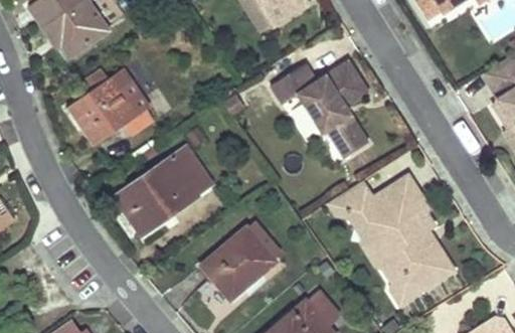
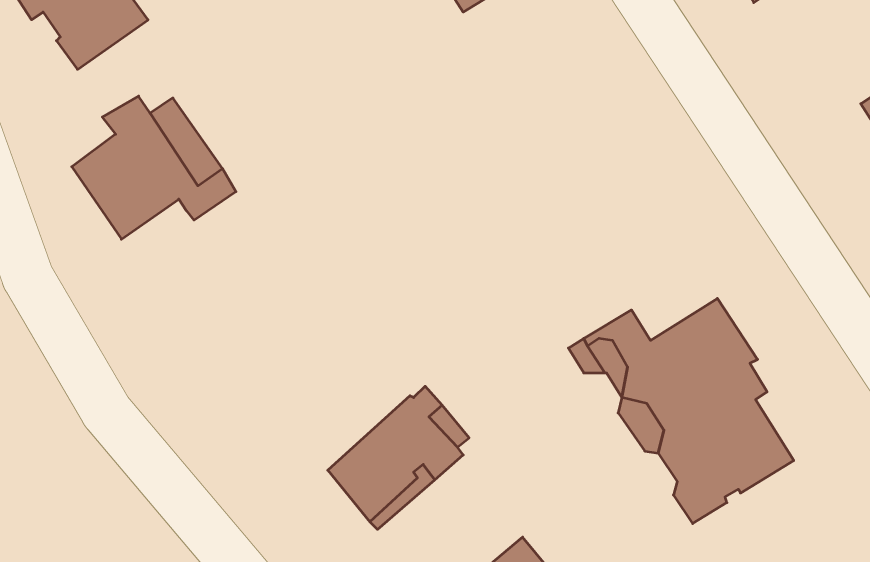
building: [271,61,367,158] -> none
building: [118,147,211,229] -> none

